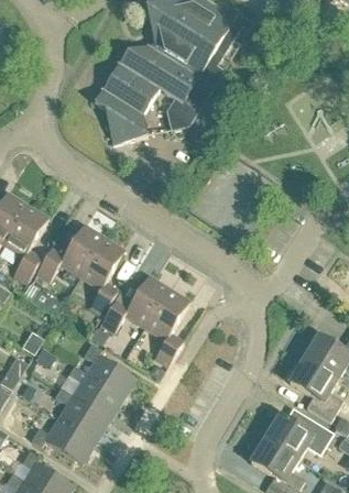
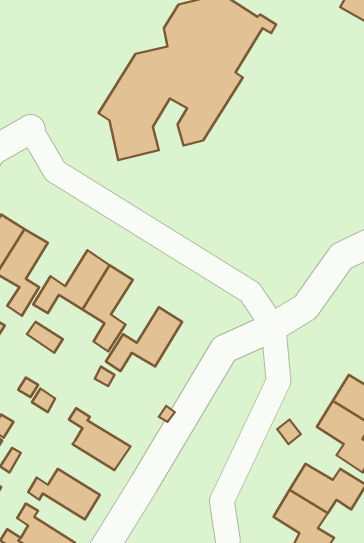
building: [145,287,190,364] -> none
building: [84,342,137,398] -> none
building: [55,385,109,441] -> none

